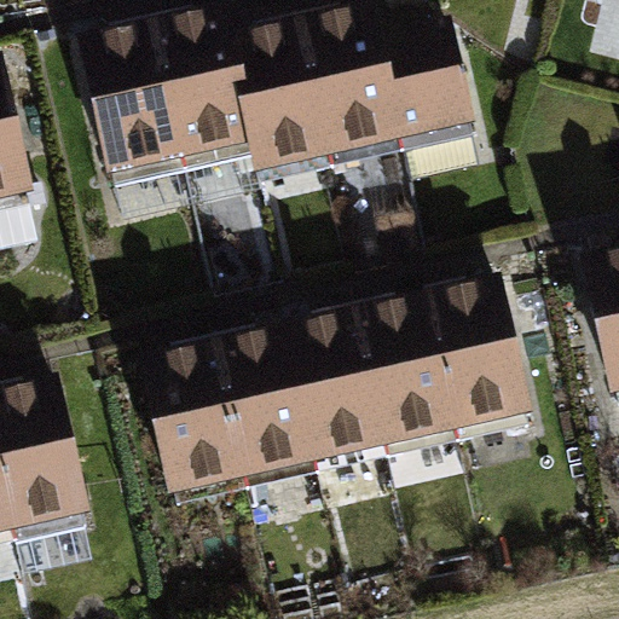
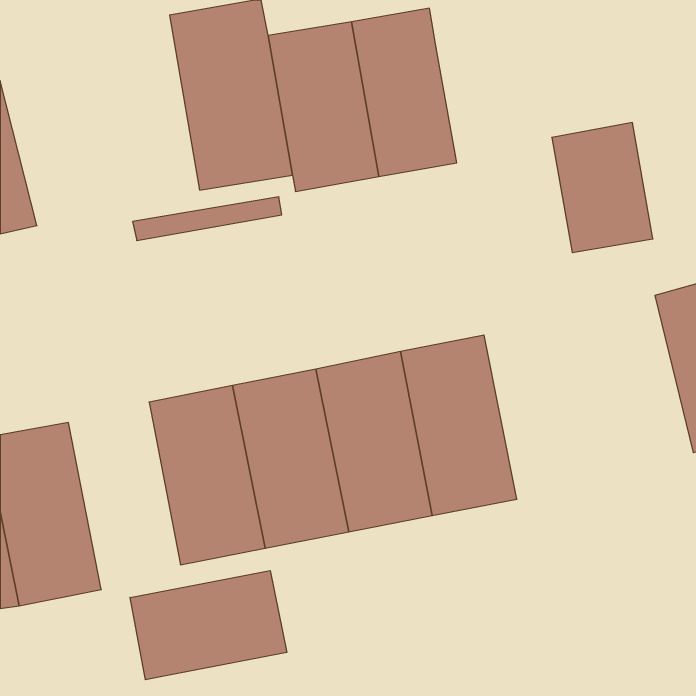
building: [68,16,179,186] -> none
building: [388,31,478,146] -> [552,123,653,253]
building: [430,284,533,444] -> none
building: none -> [130,571,287,680]

